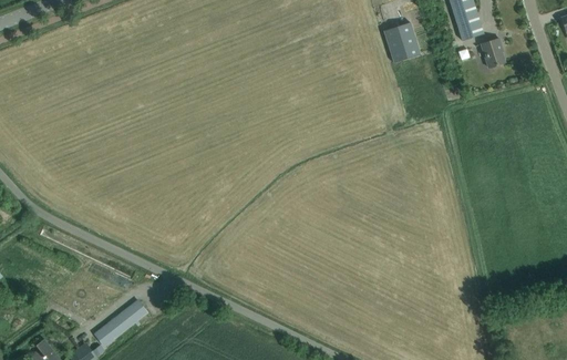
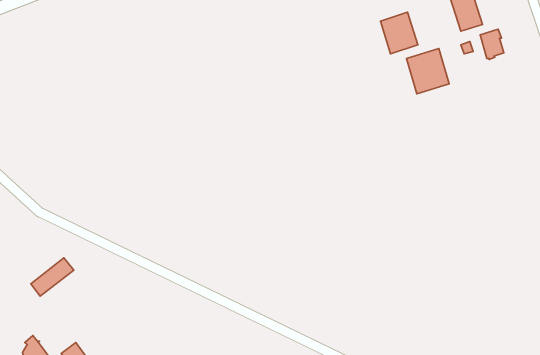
building: none -> [407,48,449,94]
building: [105,299,147,337] -> [31,258,74,296]

